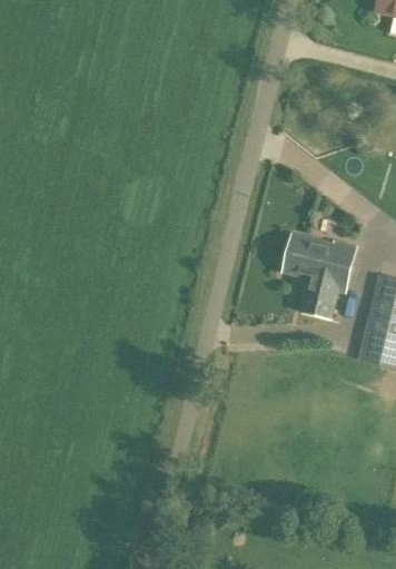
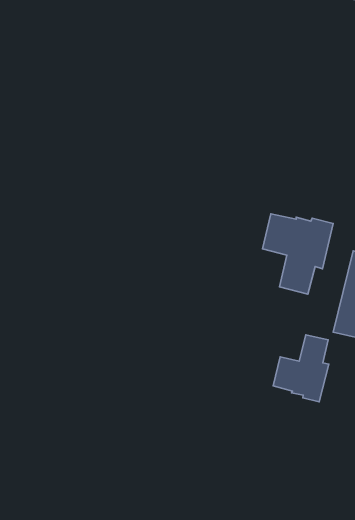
building: none -> [273,335,329,402]

